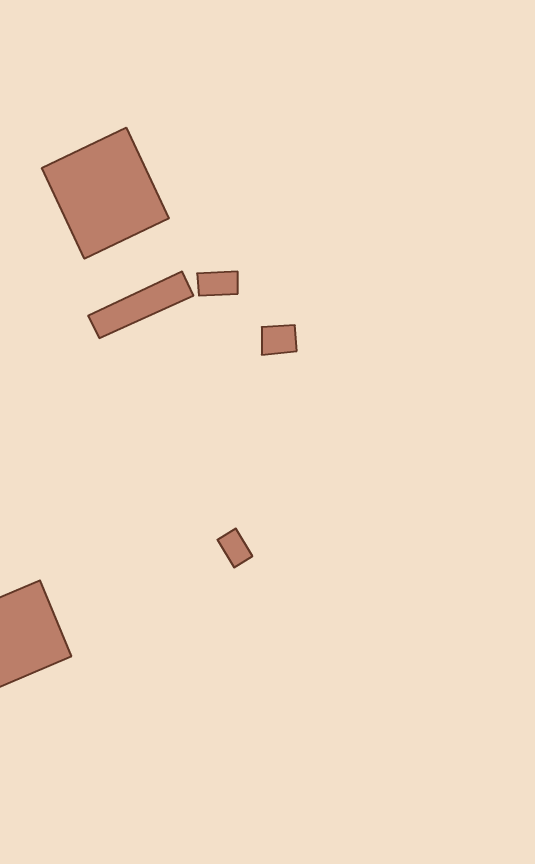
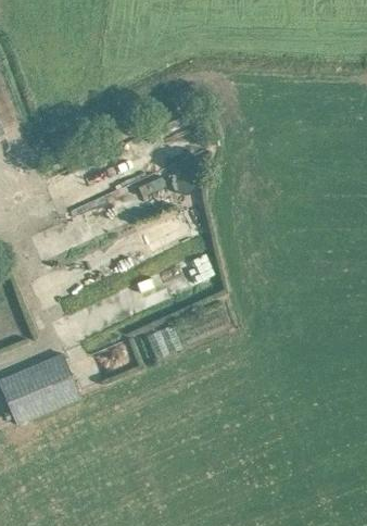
building: [42,128,169,259] -> none

